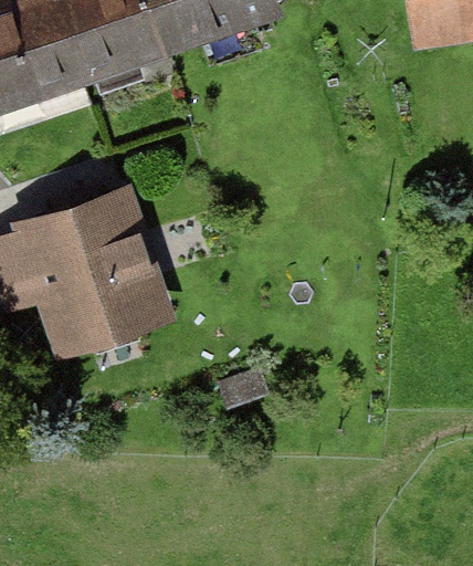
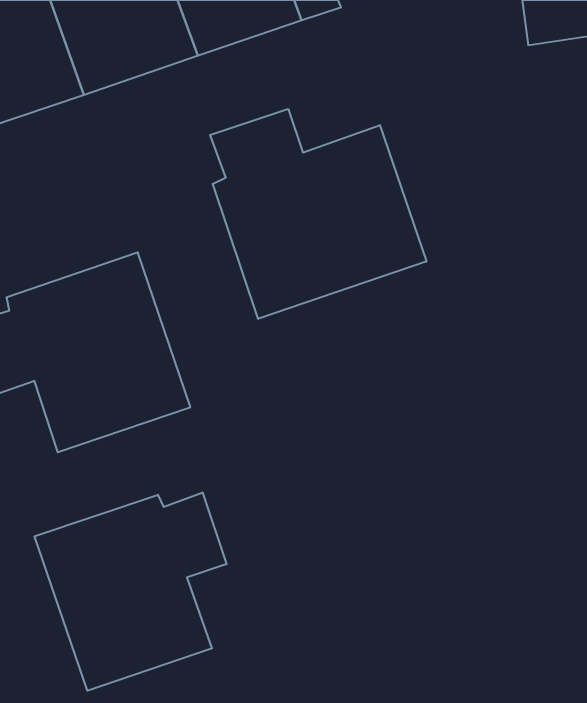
building: none -> [210,109,426,319]
building: none -> [35,492,227,691]

